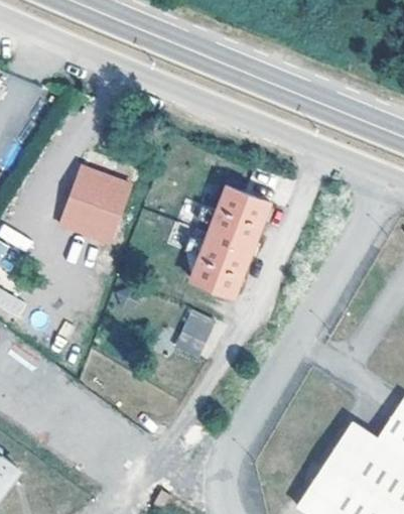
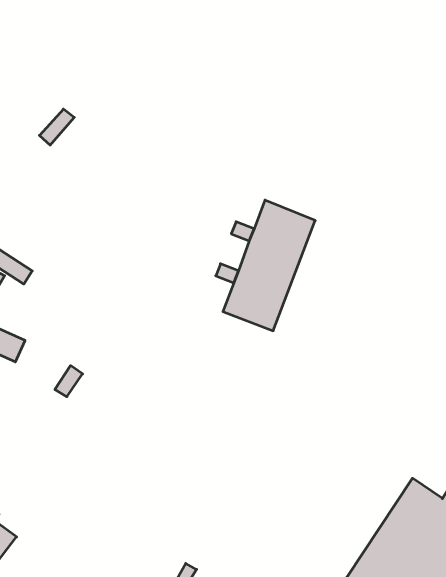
building: [57,167,133,249] -> none
building: [178,312,214,357] -> none

